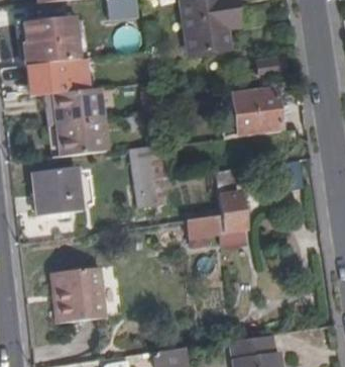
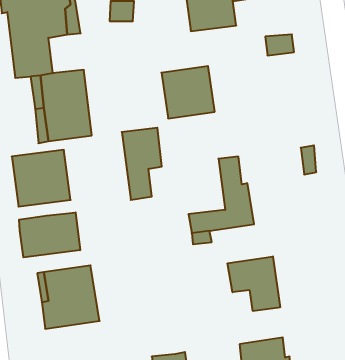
building: [234,88,282,135] -> [161,66,215,118]
building: none -> [19,212,80,257]
building: none -> [228,256,280,311]

